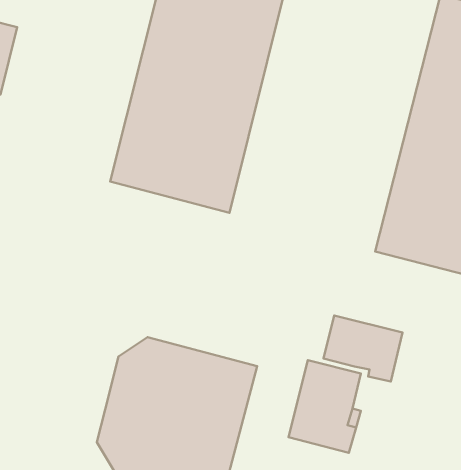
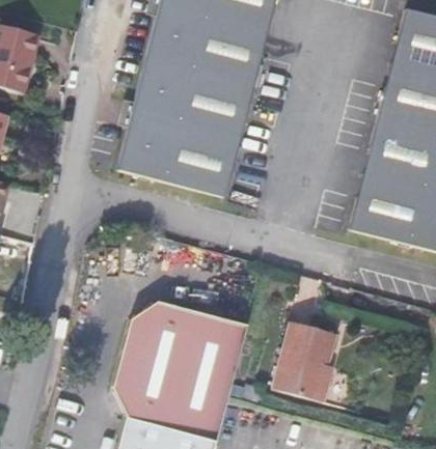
building: [324,315,403,382] -> none

